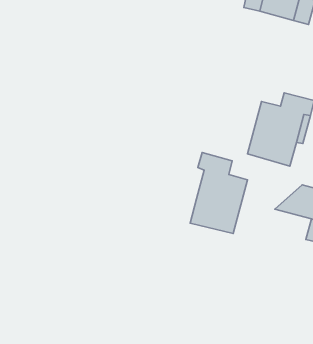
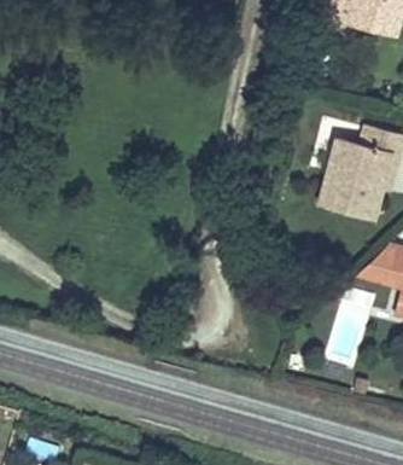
building: [190,152,247,234] -> none

